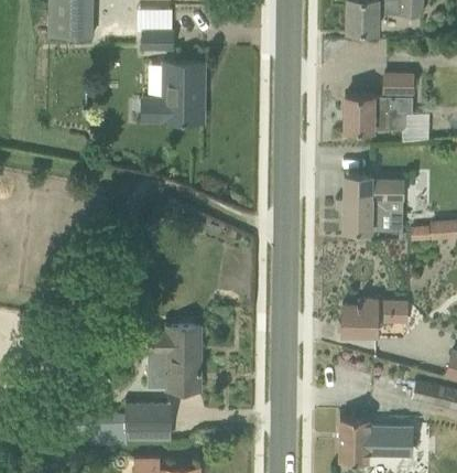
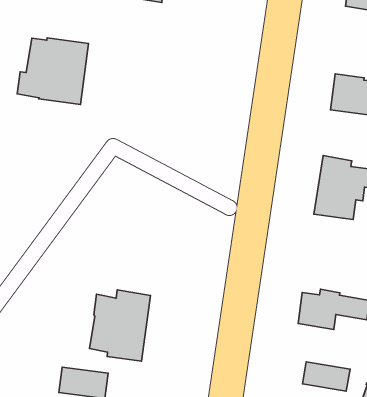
building: [143,64,204,122] -> [17,38,89,105]
building: none -> [303,362,350,391]

